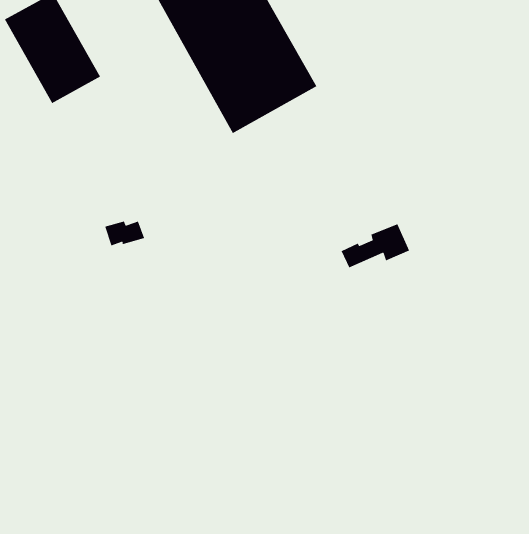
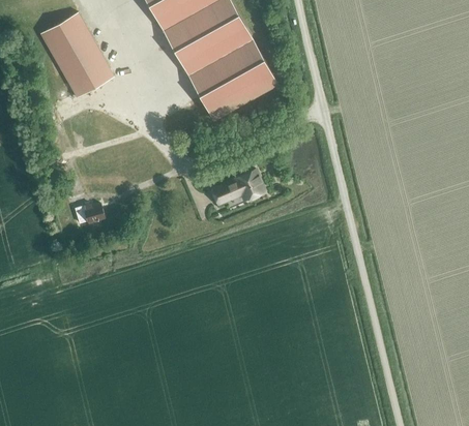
building: [104,221,145,247] -> [75,204,106,223]
building: [340,223,410,268] -> [212,170,265,204]

